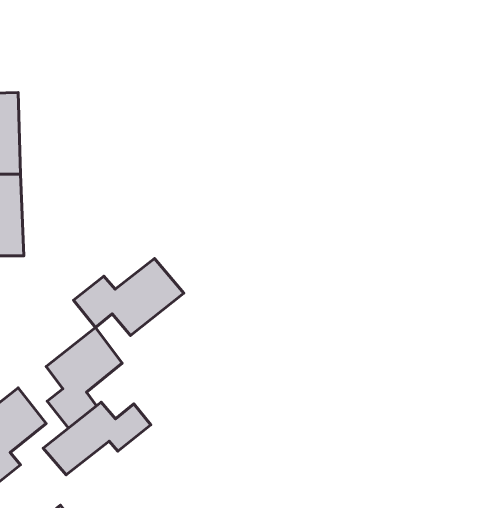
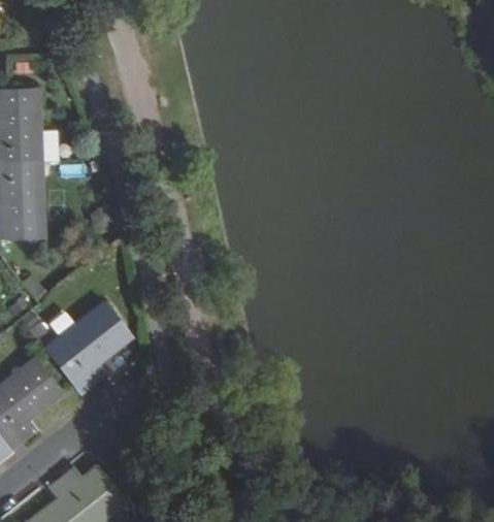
building: [74,259,184,336] -> none
building: [43,402,151,475] -> none

